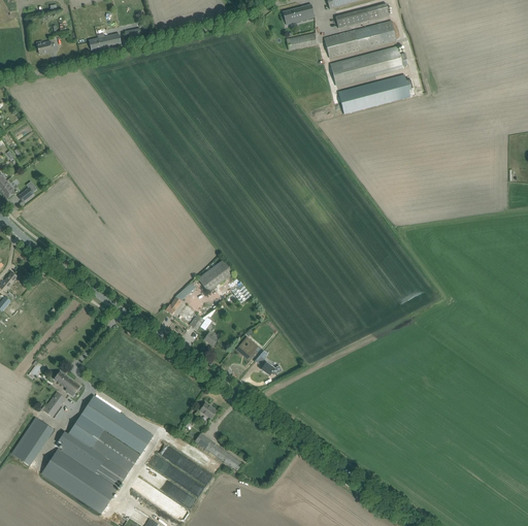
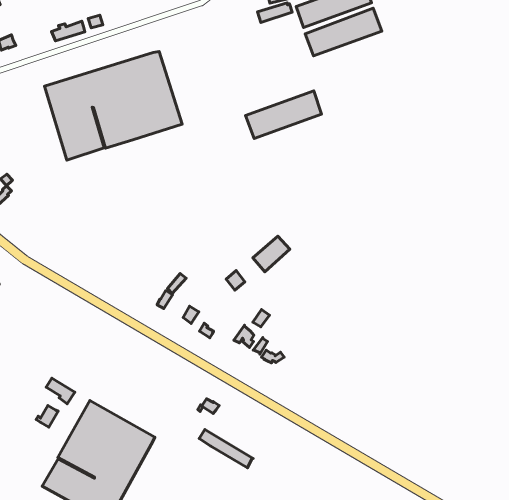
building: none -> [44,51,182,160]
building: [337,74,409,114] -> [246,91,321,138]
building: [198,259,234,292] -> [253,236,290,272]
building: [11,417,55,465] -> none

